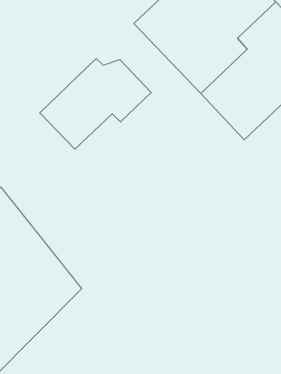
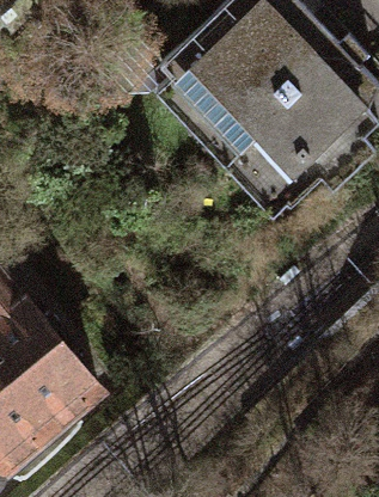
building: [40,59,151,149] -> none

